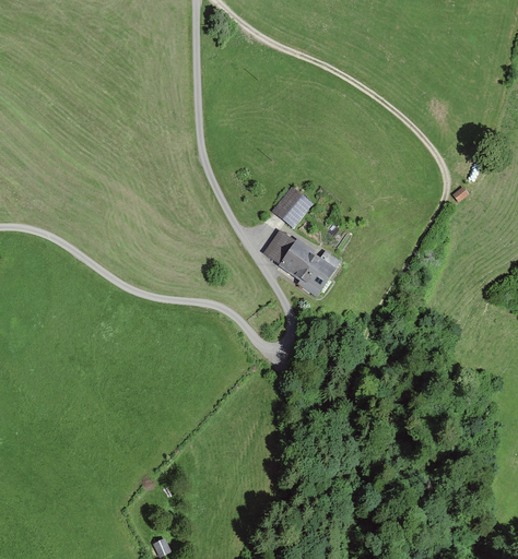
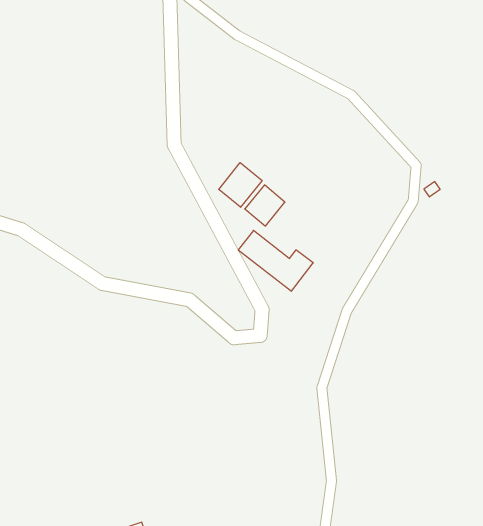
building: none -> [219,163,262,207]

